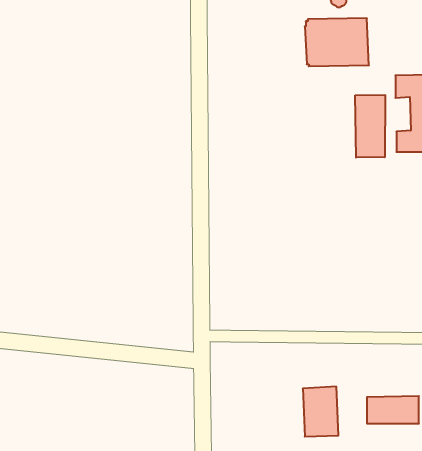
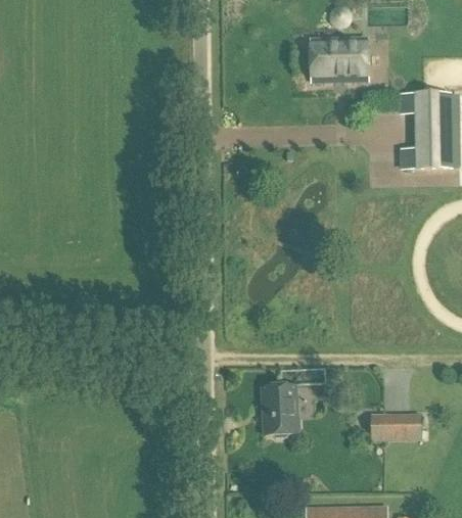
building: [355,95,385,158] -> none
building: [303,387,338,437] -> [265,386,301,436]

